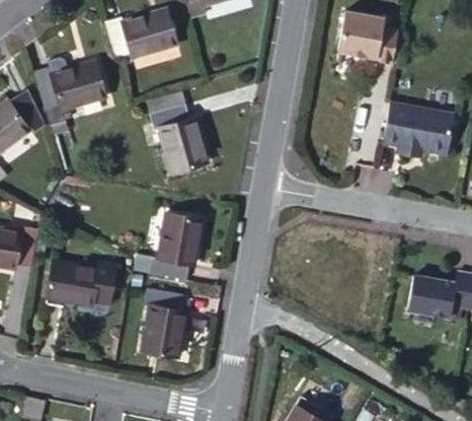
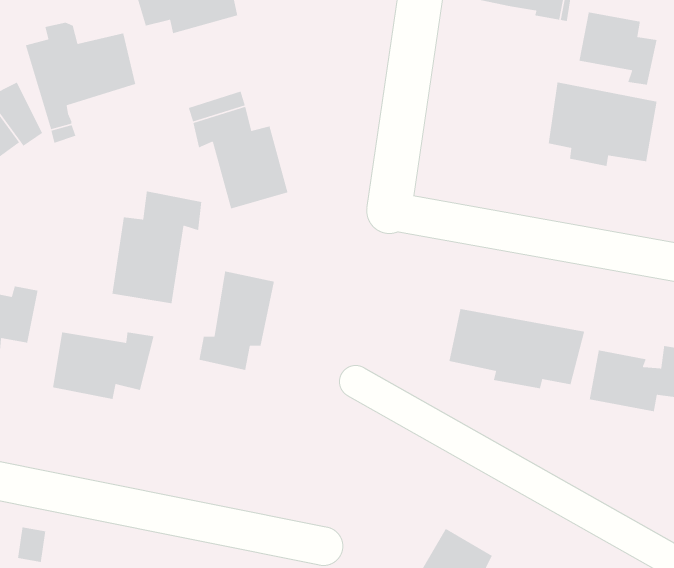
building: none -> [578,12,657,85]
building: none -> [111,191,202,304]
building: none -> [448,308,585,389]
building: [141,295,180,362] -> none

